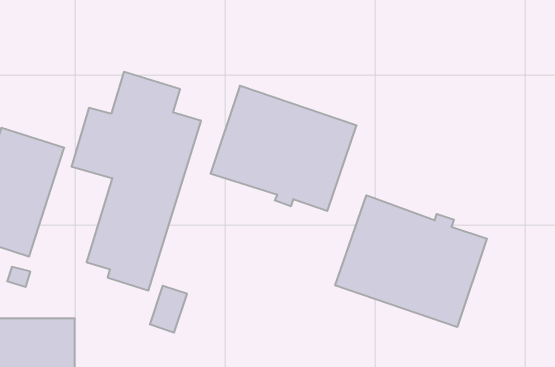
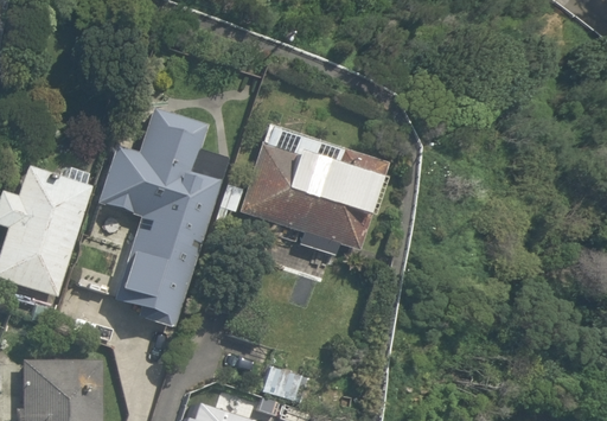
building: [335,195,487,327] -> none

